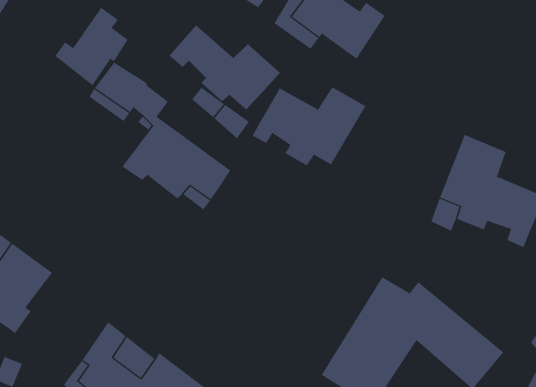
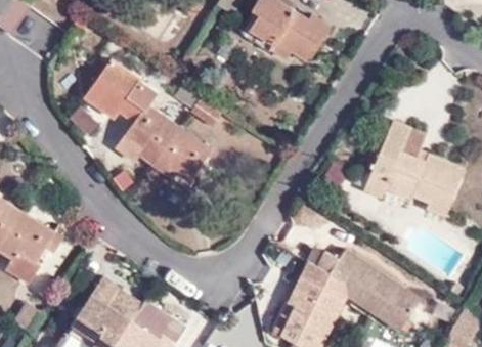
building: [55,7,128,86] -> none
building: [169,25,281,111] -> none
building: [252,86,366,166] -> none

